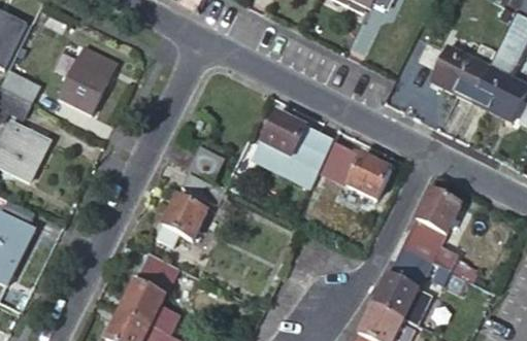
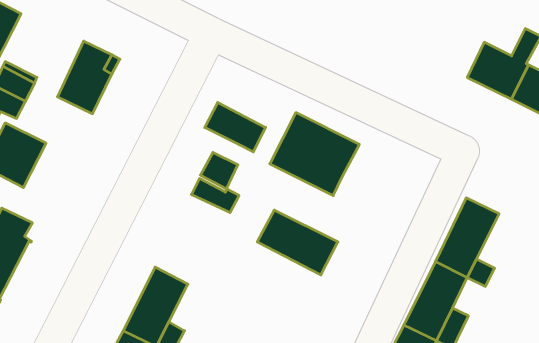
building: none -> [205,102,266,152]
building: [319,140,392,199] -> [257,210,338,275]
building: [157,194,207,245] -> none

